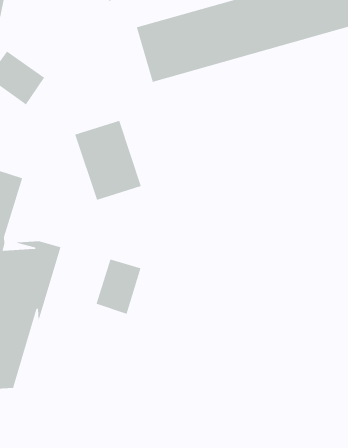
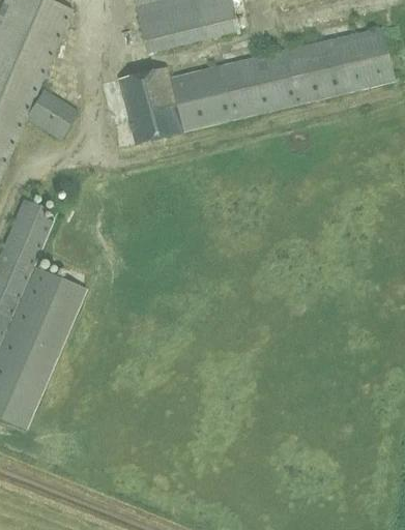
building: [74,120,142,201] -> [116,73,178,150]
building: [96,259,142,315] -> none

